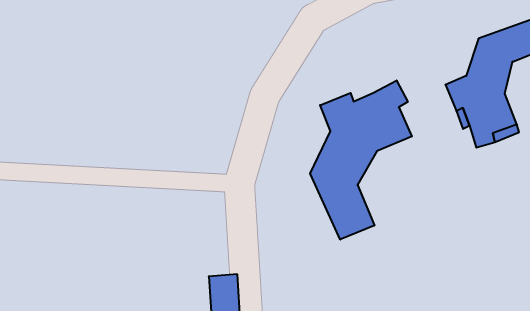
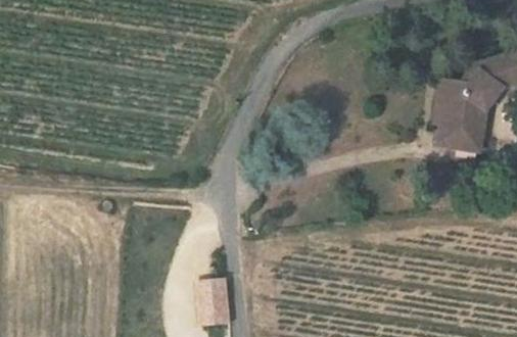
building: [310,80,412,240] -> none

